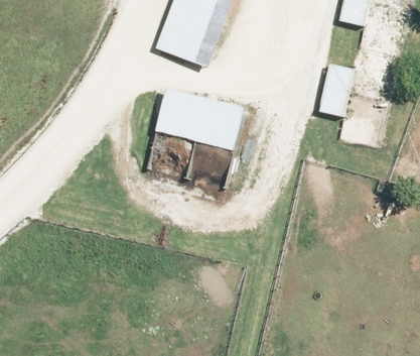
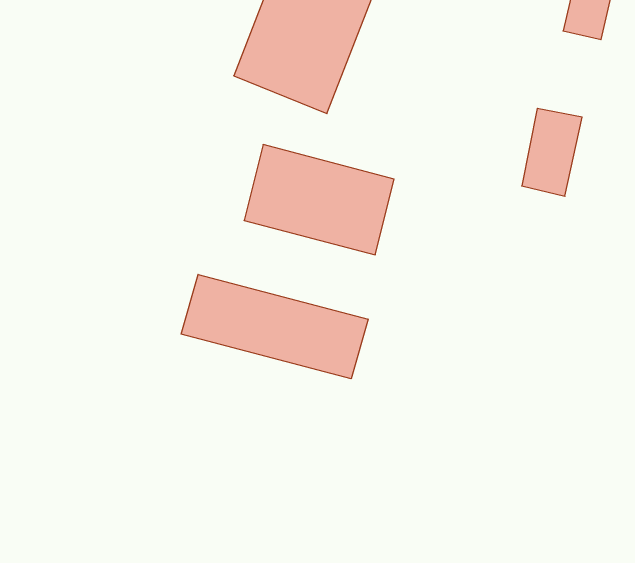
building: none -> [181,274,368,379]

